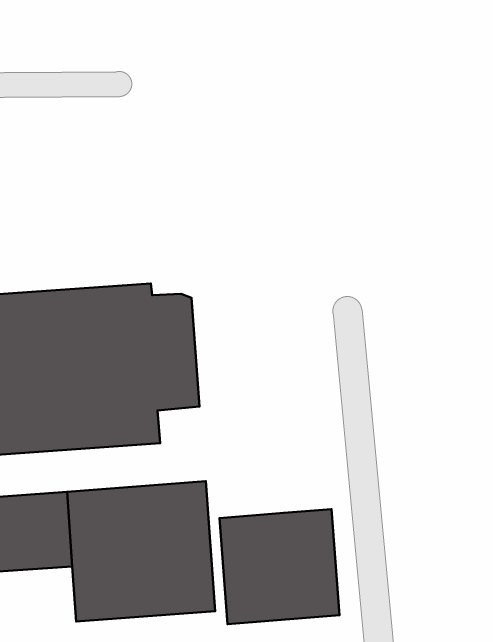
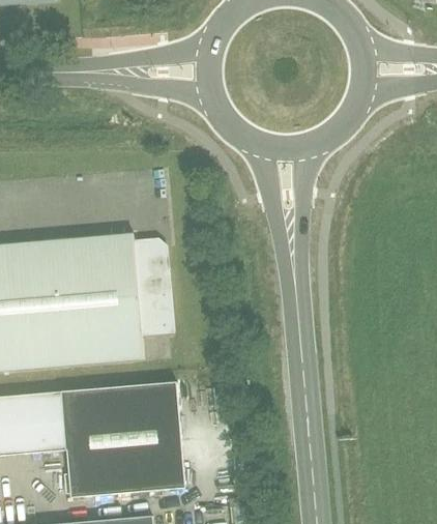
building: [219,509,339,624] -> none

